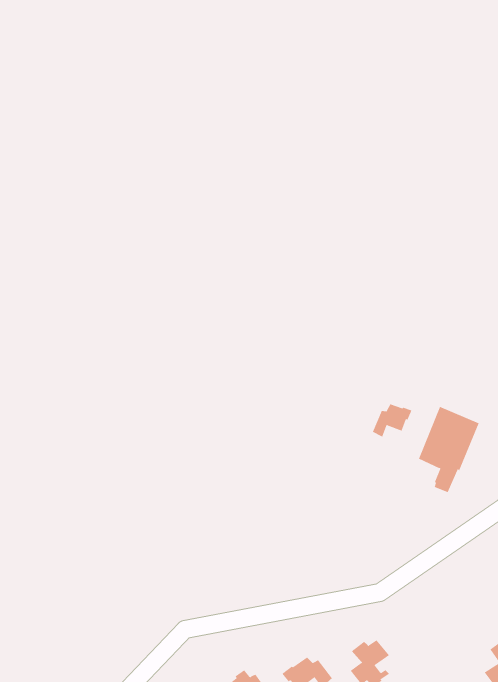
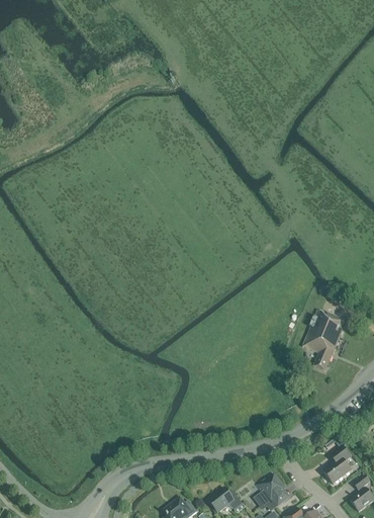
building: [372,404,412,437] -> none
building: none -> [323,445,351,484]

